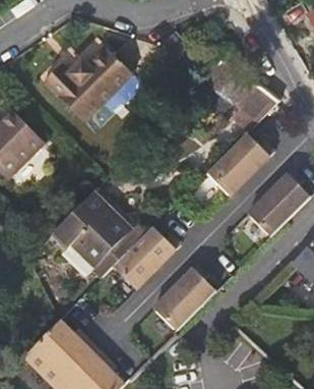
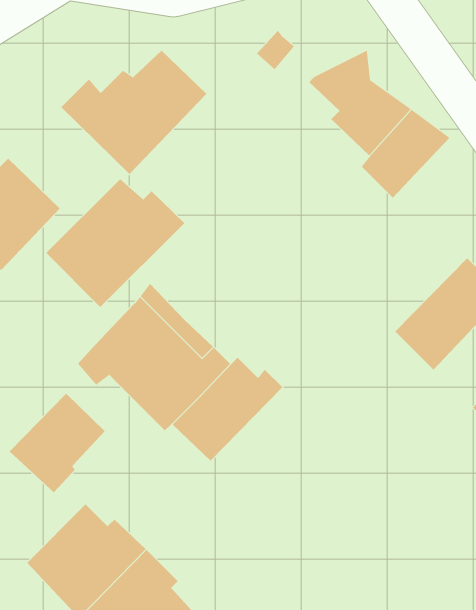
building: none -> [46,179,185,308]
building: [202,137,270,200] -> none
building: none -> [9,393,105,493]
building: [151,268,214,336] -> none

